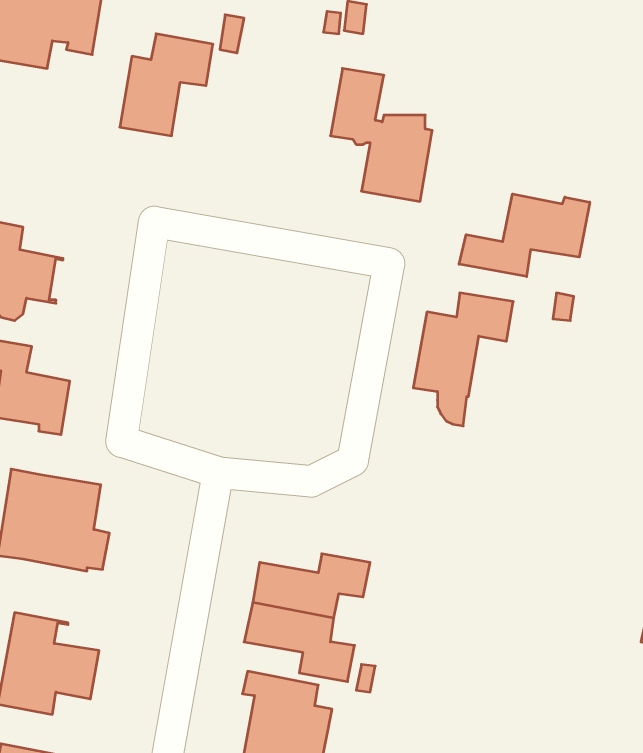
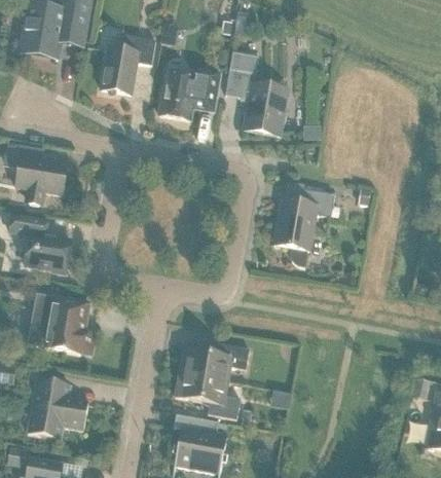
building: none -> [159,69,221,120]
building: [459,194,590,277] -> none

